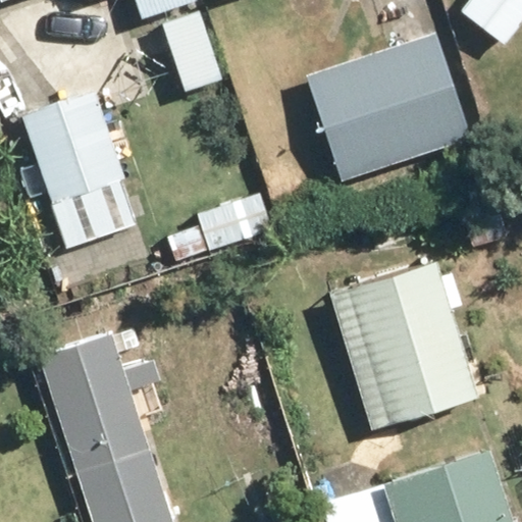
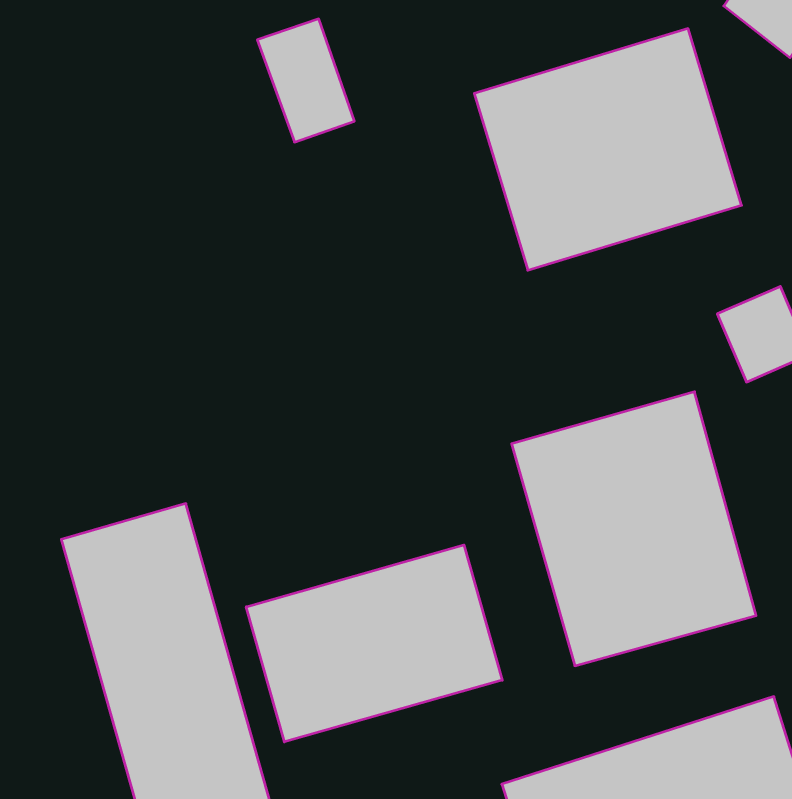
building: [20,87,144,241] -> none
building: none -> [246,545,502,742]

